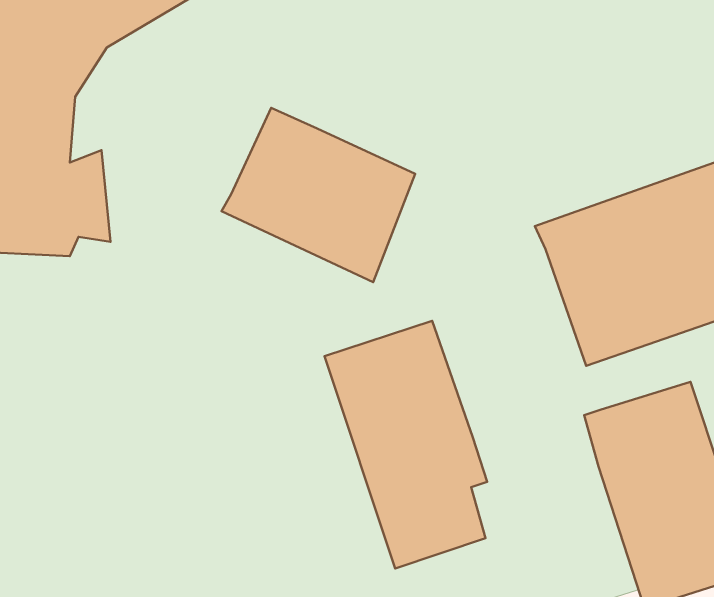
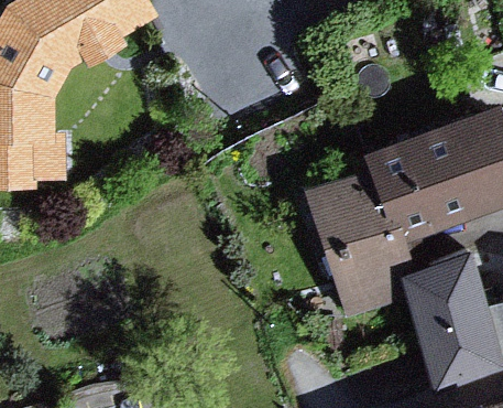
building: [221,108,415,282] -> none
building: [324,321,487,568] -> [304,171,405,325]

